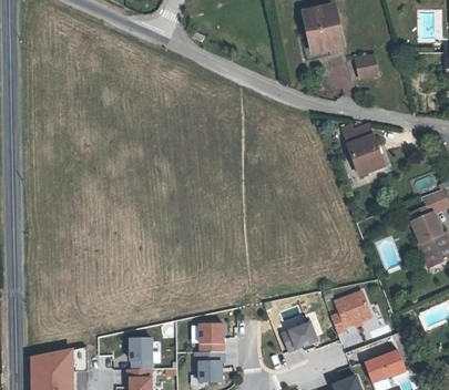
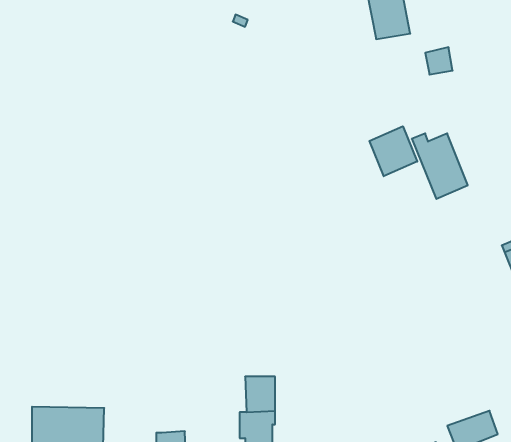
building: none -> [369,126,417,176]
building: [331,291,373,333] -> none
building: [283,321,318,350] -> none
building: [132,337,153,368] -> none

